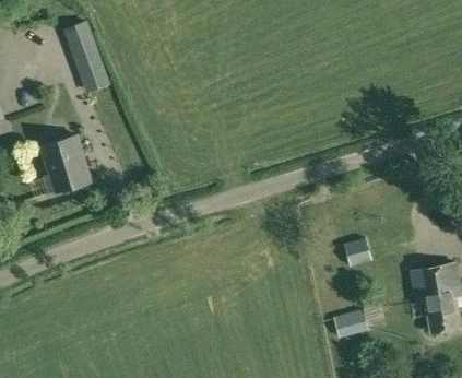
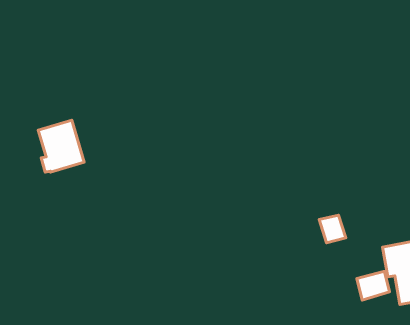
building: [68,34,109,92] -> none
building: [332,308,367,339] -> [357,271,390,300]

